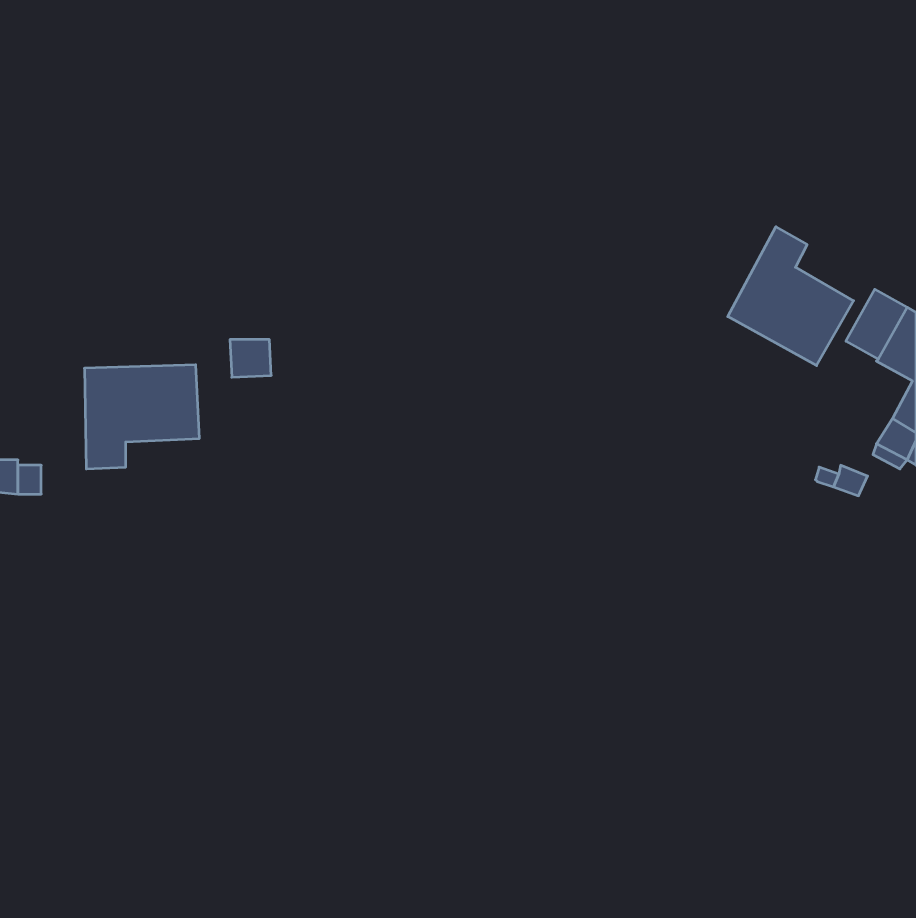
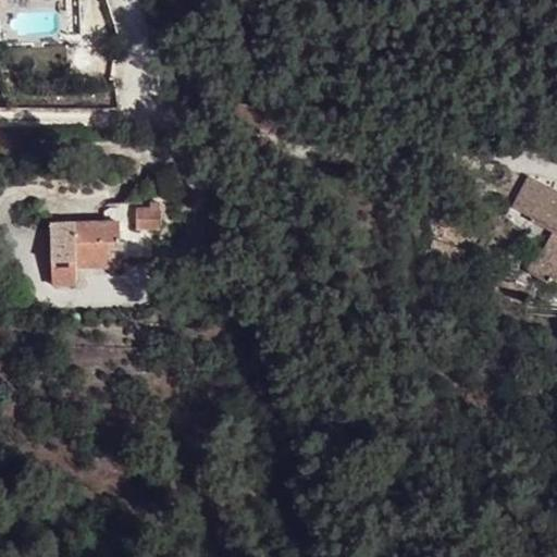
building: [728,227,854,366] -> none

